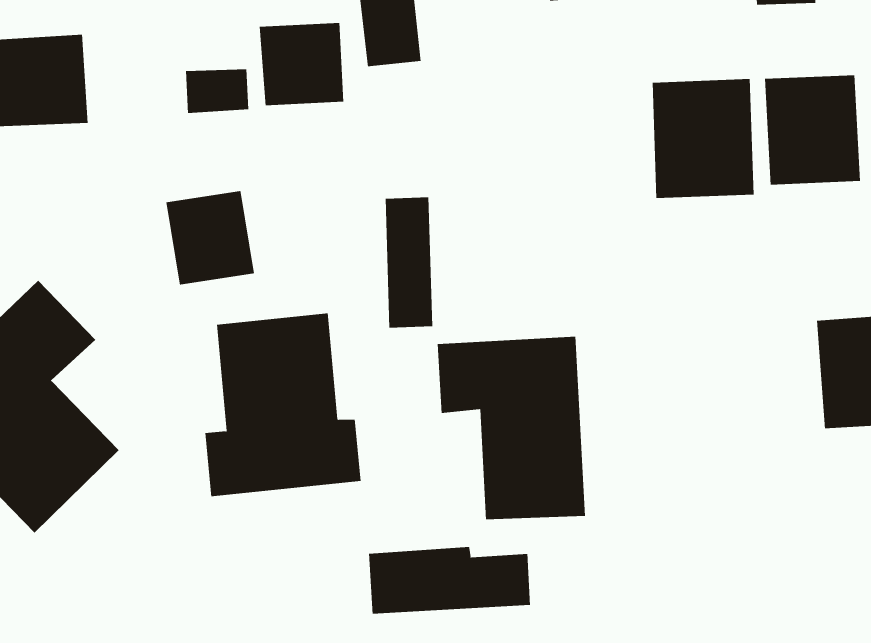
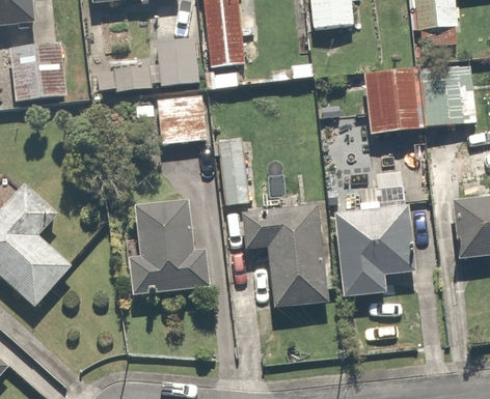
building: [166,190,255,285] -> [160,94,208,145]
building: none -> [339,201,420,297]
building: [369,546,530,614] -> none

